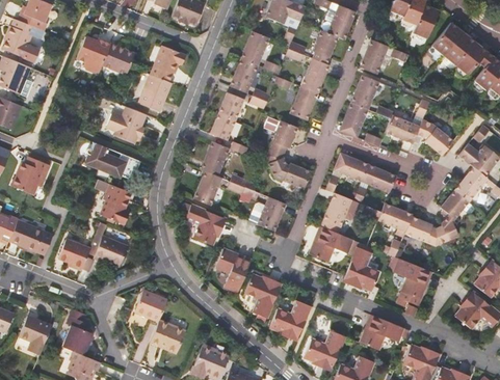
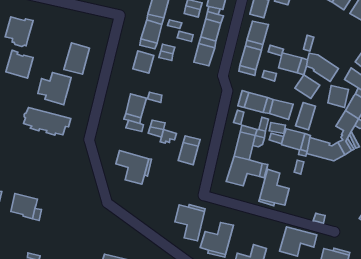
building: [102,40,135,75] -> [6,50,33,78]
building: [152,45,184,81] -> none
building: [210,112,236,140] -> none
building: [266,119,311,188] -> none
building: none -> [295,75,320,98]
building: none -> [328,86,348,107]
building: none -> [296,103,316,130]
building: [193,179,219,205] -> none
building: [98,183,132,223] -> none
building: [88,221,128,266] -> none
building: [215,248,251,292] -> none
building: [392,257,431,305] -> none
building: [134,289,167,320] -> none

